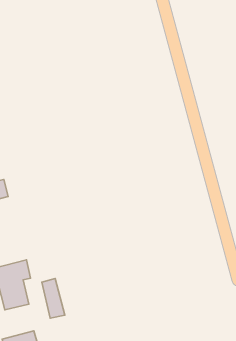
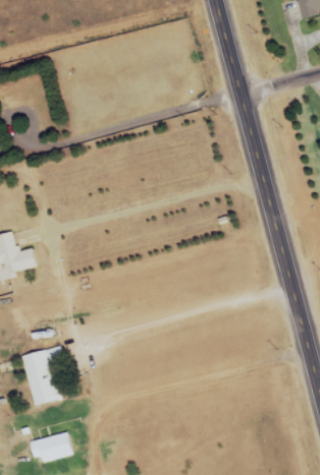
building: [42,279,65,318] -> none

